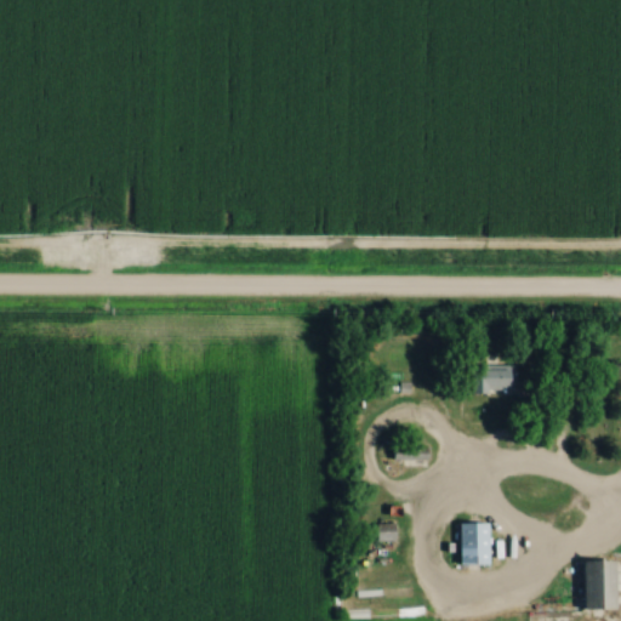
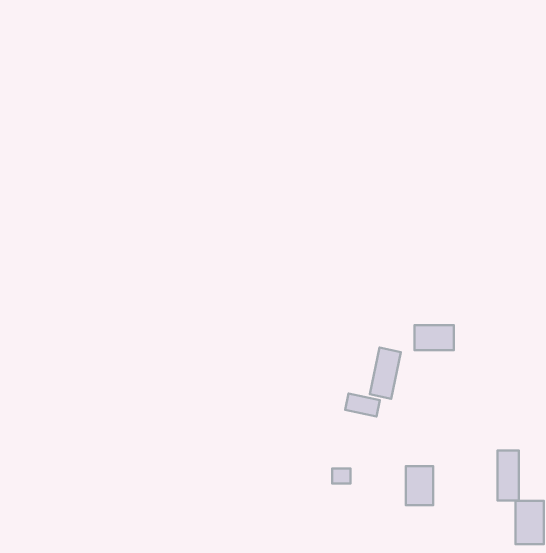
building: none -> [370,348,401,399]
building: none -> [498,451,519,500]

